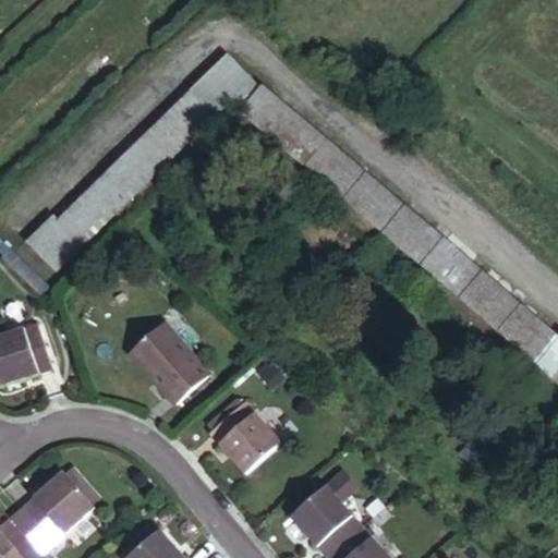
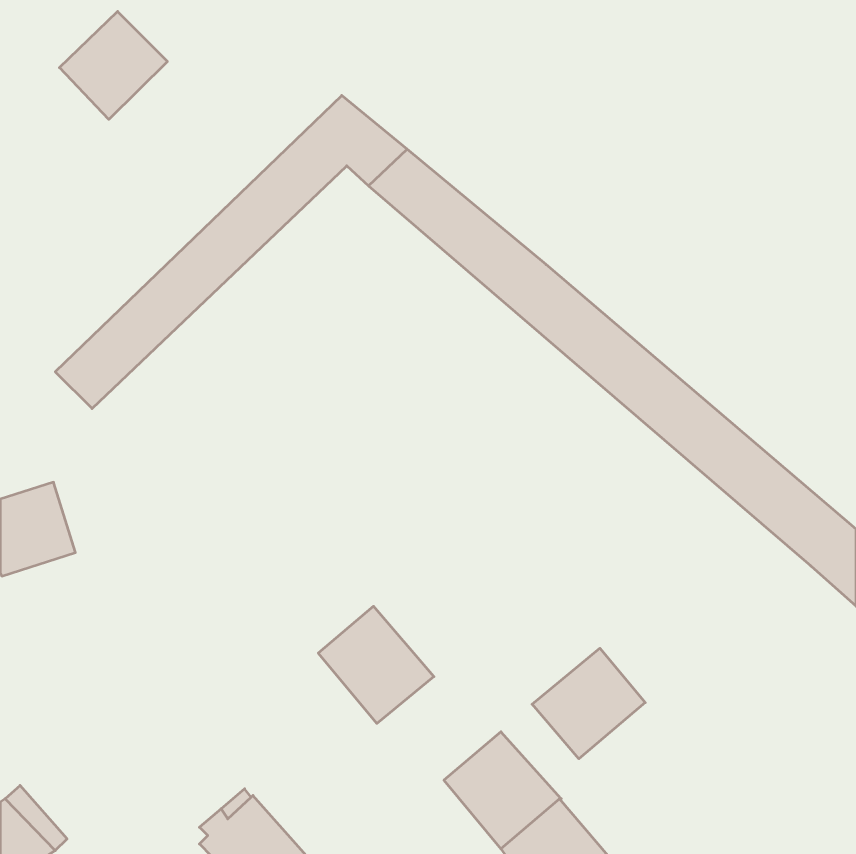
building: none -> [59,11,167,119]
building: [131,317,208,398] -> none
building: none -> [532,648,645,759]
building: [27,459,102,534] -> none

